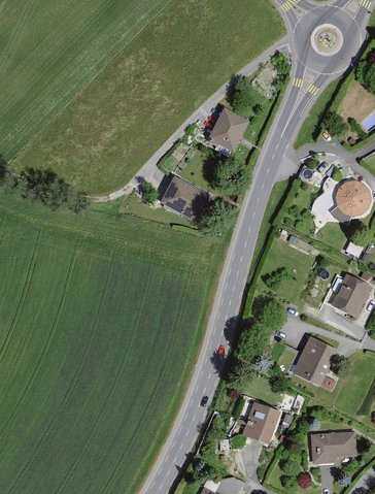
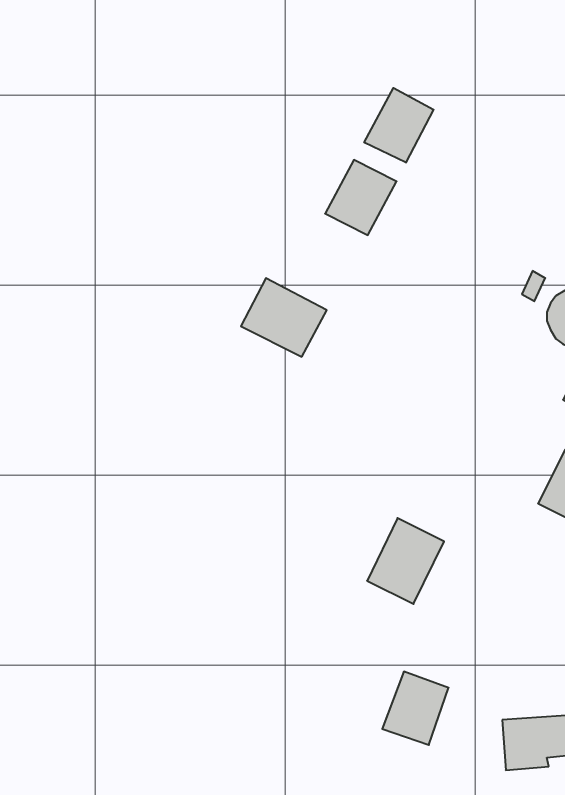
building: none -> [364,88,434,163]
building: [293,337,337,387] -> [367,518,444,604]

